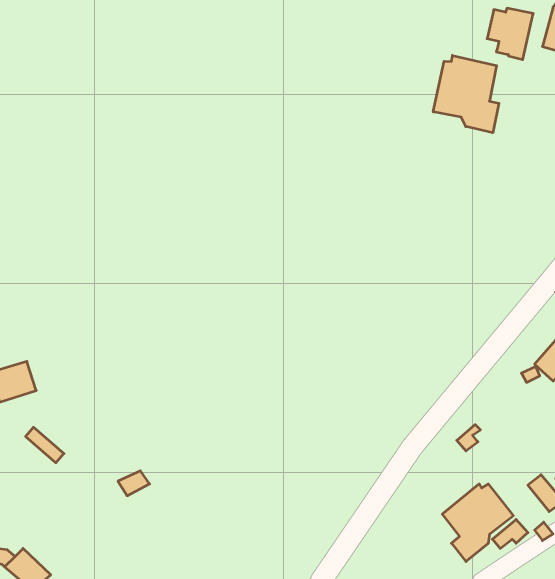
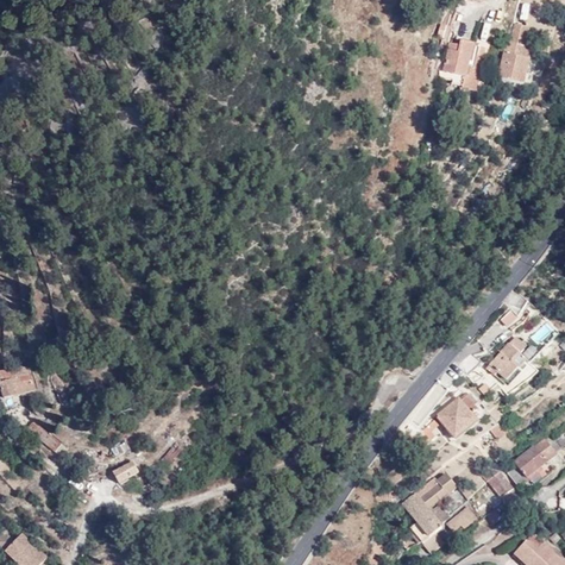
building: [433,55,499,133] -> none
building: none -> [435,395,481,438]

